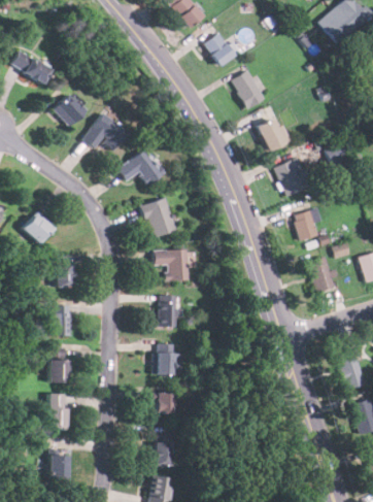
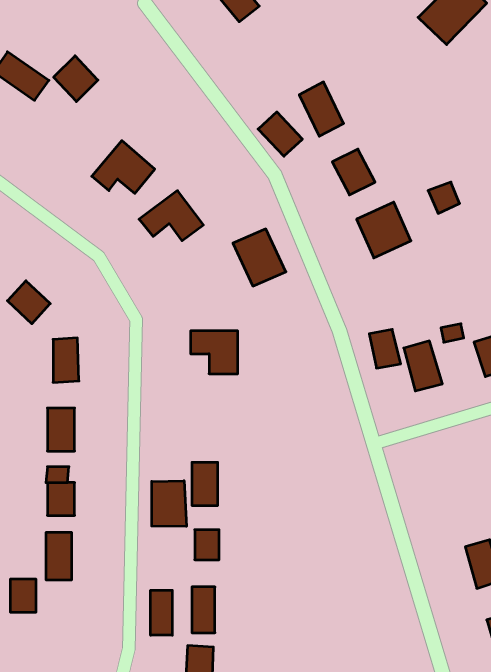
building: [204,33,236,65] -> [258,112,302,156]
building: [54,94,86,127] -> [54,56,98,102]
building: [140,197,178,238] -> [233,229,286,286]
building: [295,211,317,239] -> [369,329,401,368]
building: [159,295,178,327] -> none
building: [337,352,364,391] -> none
building: none -> [152,481,186,526]
building: none -> [151,590,172,635]
building: [49,456,68,479] -> [10,579,36,612]

